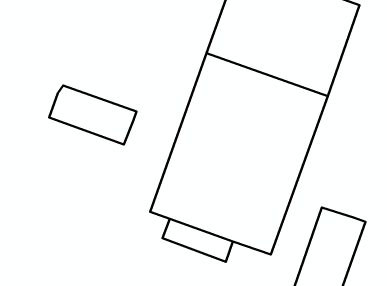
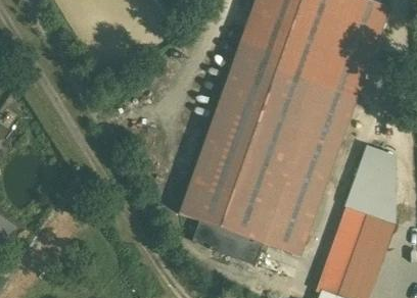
building: [49,85,136,144] -> none
building: none -> [351,154,400,219]

